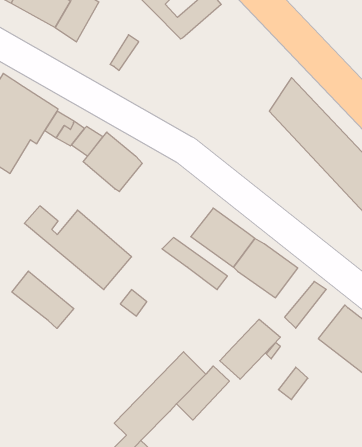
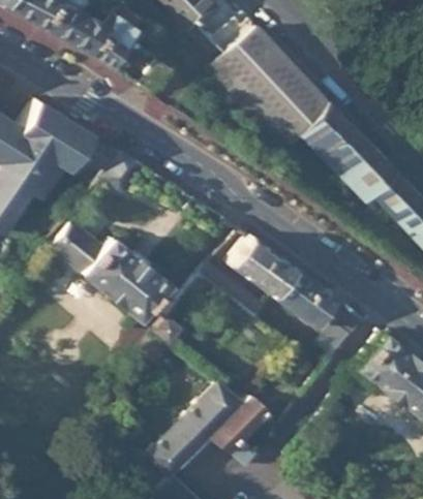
building: none -> [220,29,331,137]
building: [83,132,142,192] -> none
building: [12,271,74,328] -> none
building: [220,319,280,379] -> none

